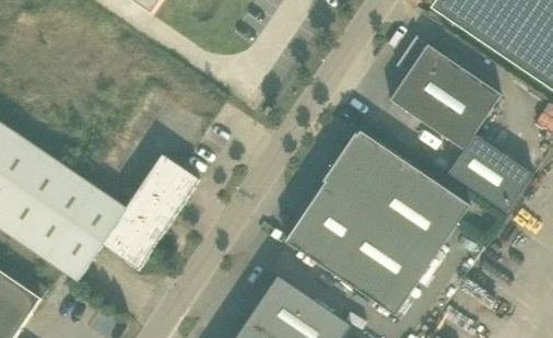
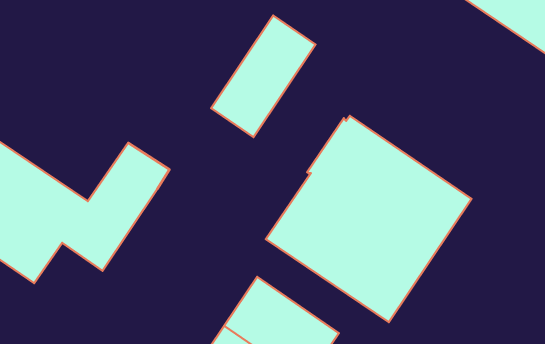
building: [390,34,530,211] -> none
building: none -> [211,16,316,137]

